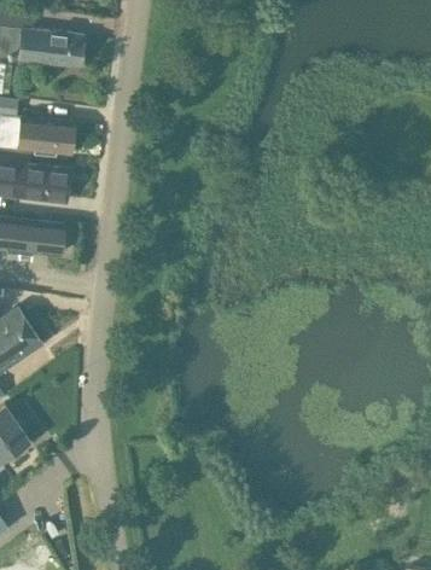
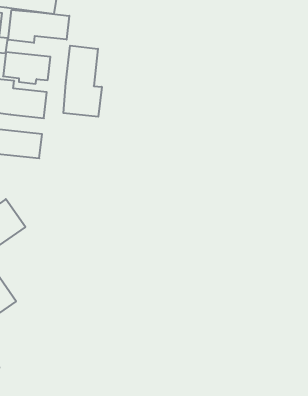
building: none -> [8,10,69,43]
building: none -> [63,46,102,117]

